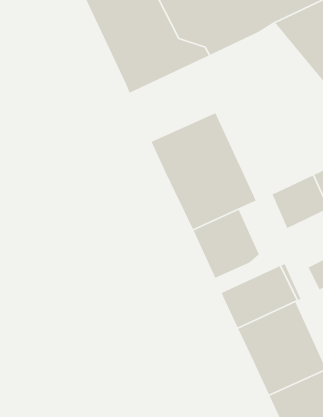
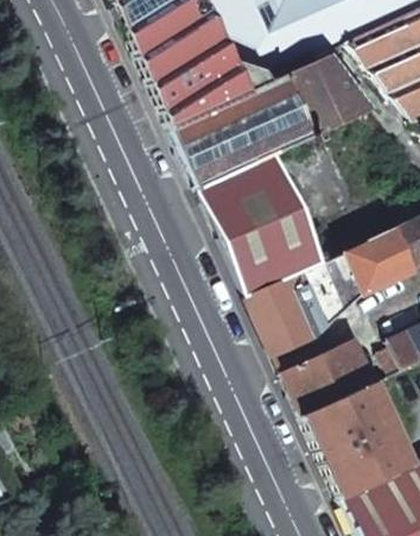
building: none -> [172,53,373,187]
building: none -> [306,251,364,324]

